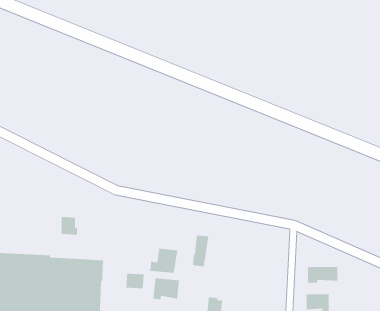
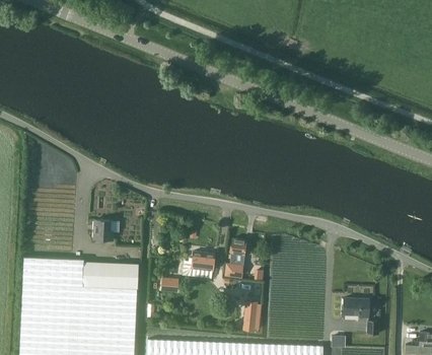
building: [307,266,338,283] -> none
building: [153,277,179,300] -> none

